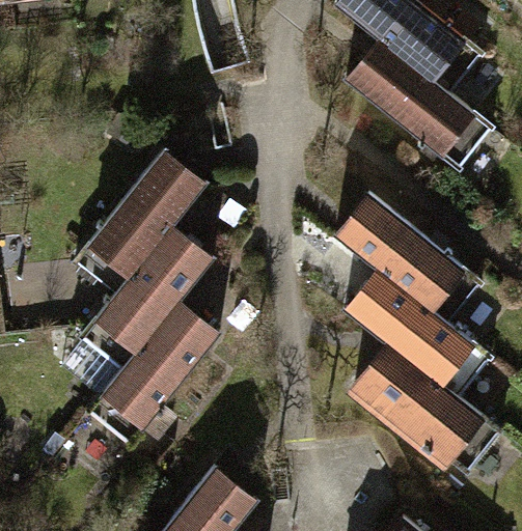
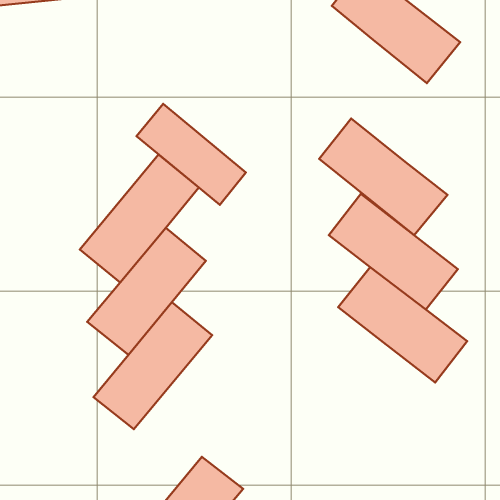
building: [348,40,476,158] -> [319,119,447,235]
building: none -> [137,104,246,205]
building: [355,342,485,458] -> none

